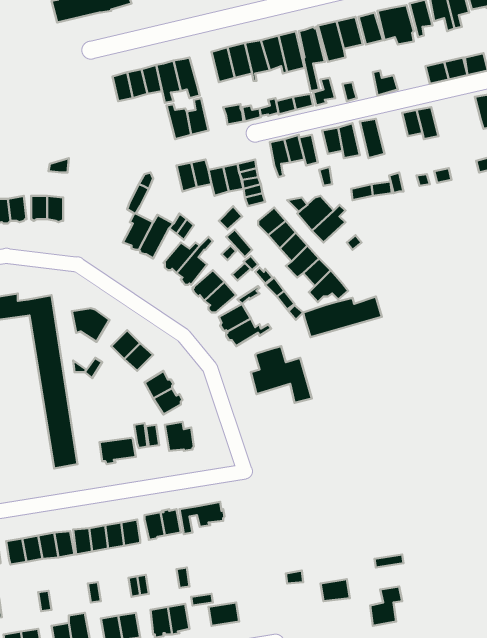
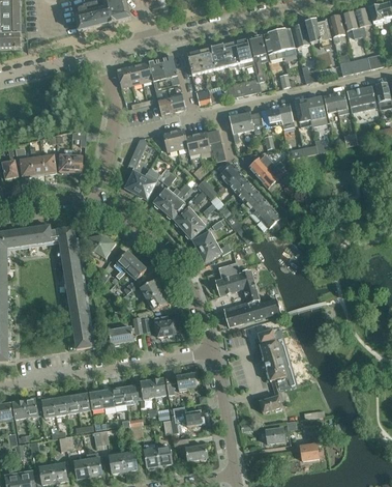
building: none -> [346,85,375,112]
building: none -> [304,96,326,125]
building: [303,297,382,337] -> [223,297,279,326]
building: none -> [258,327,297,412]
building: none -> [172,405,202,426]

